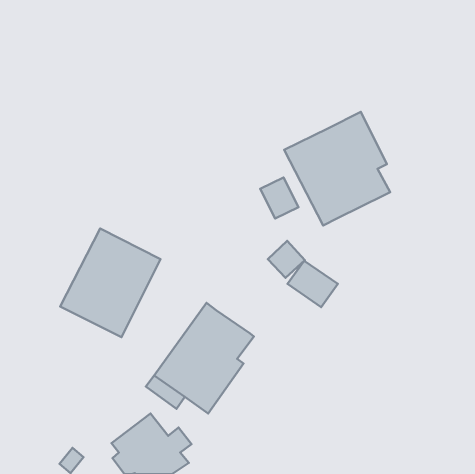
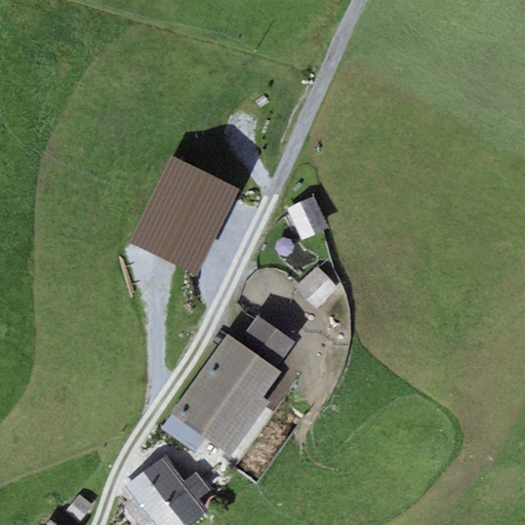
building: [284,112,390,226] -> none
building: [60,228,160,337] -> [128,156,239,276]
building: [288,261,338,307] -> [239,317,294,368]

